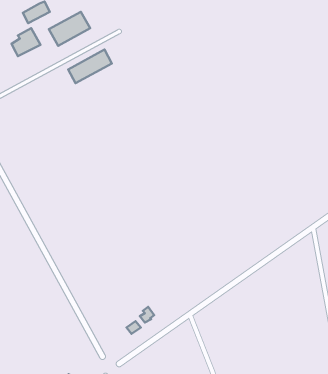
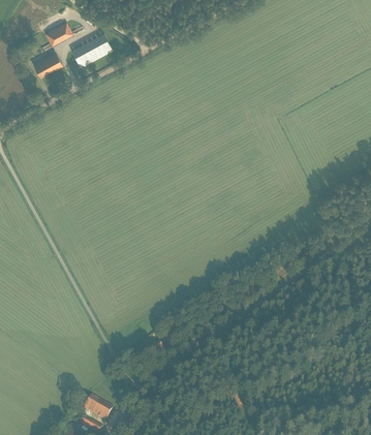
building: [68,50,112,83] -> none

